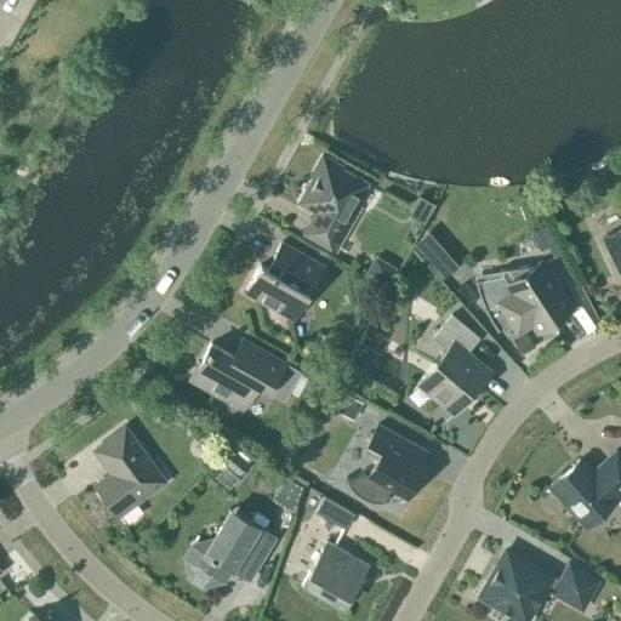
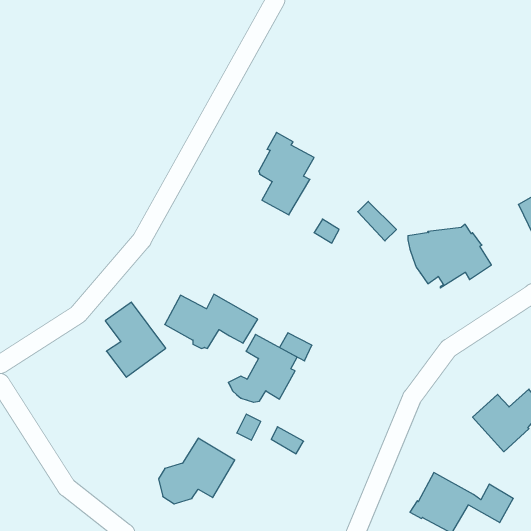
building: [247,244,324,320] -> none
building: [412,317,491,425] -> none
building: [348,426,428,505] -> [228,334,297,402]
building: [96,429,166,517] -> [105,302,166,377]
building: [303,542,371,610] -> none

